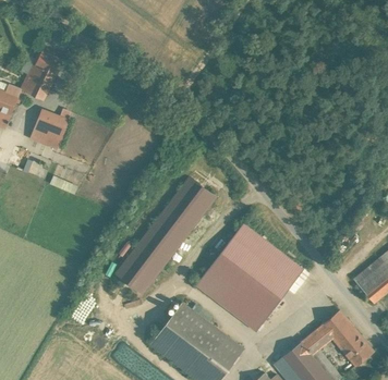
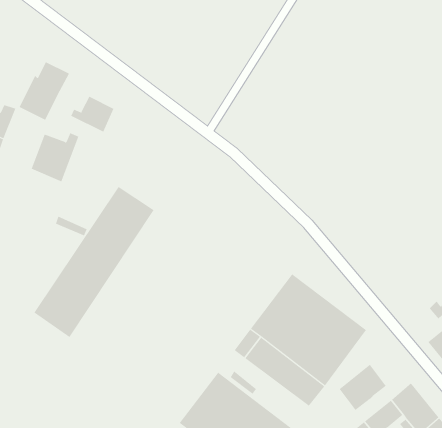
building: none -> [70,96,114,133]
building: [116,173,214,296] -> [33,186,154,338]
building: none -> [339,364,387,411]

